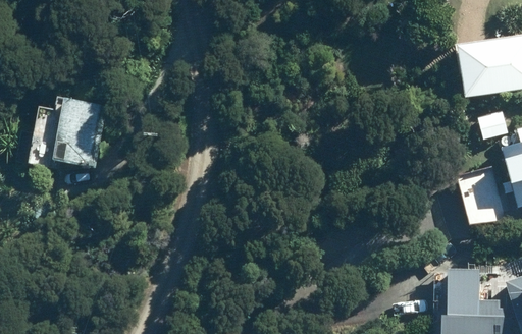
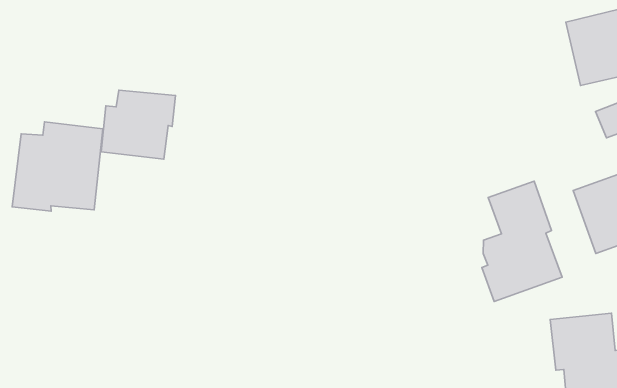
building: none -> [101,90,176,159]
building: none -> [482,181,562,301]

